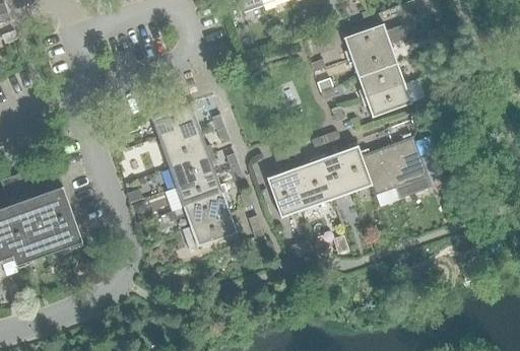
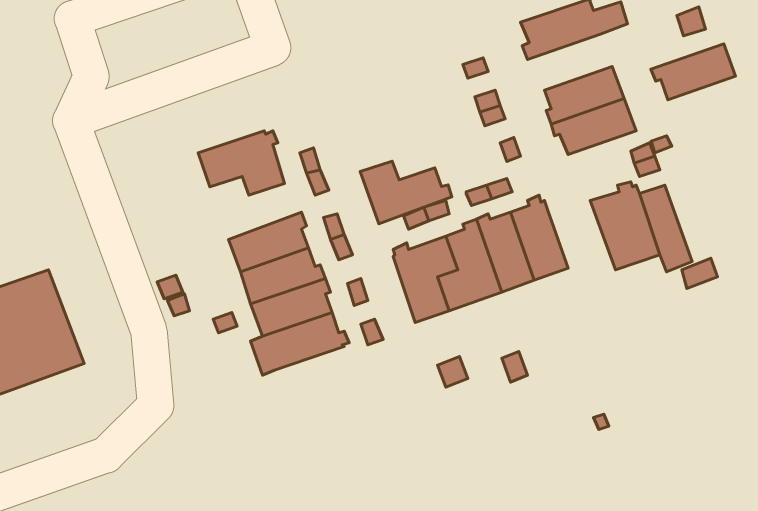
building: [347,46,398,79] -> [651,44,736,100]
building: [157,131,212,168] -> [360,161,452,224]
building: [360,145,400,196] -> none

